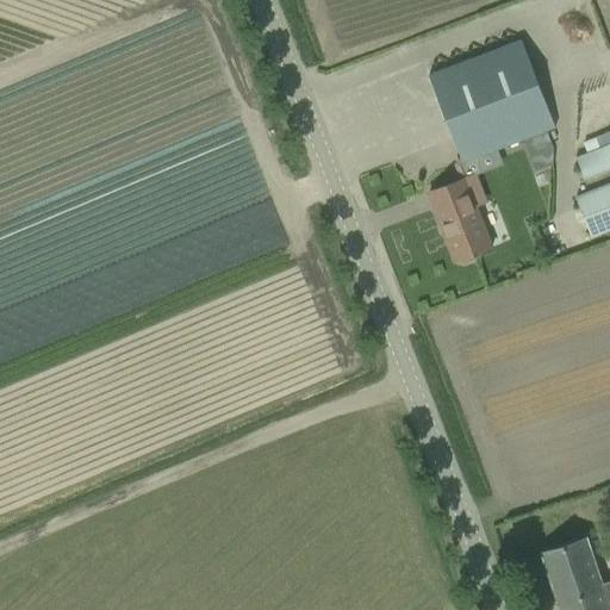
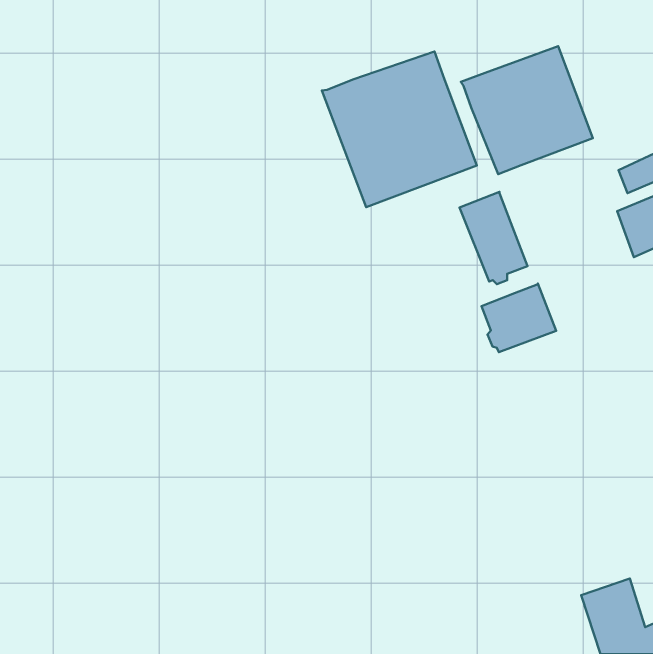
building: none -> [322,51,477,207]
building: none -> [481,284,556,352]

